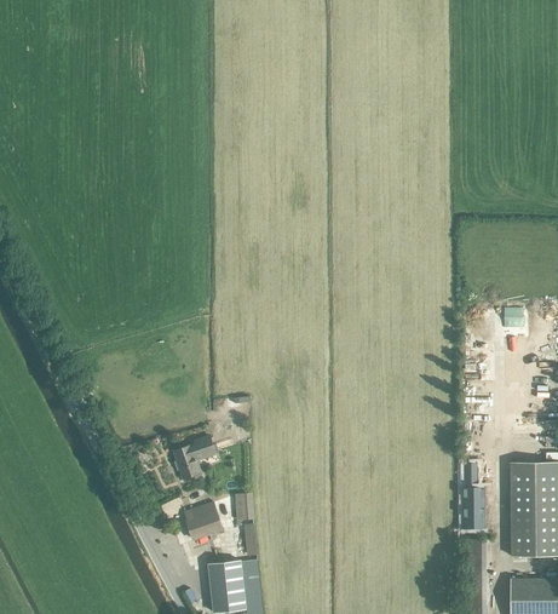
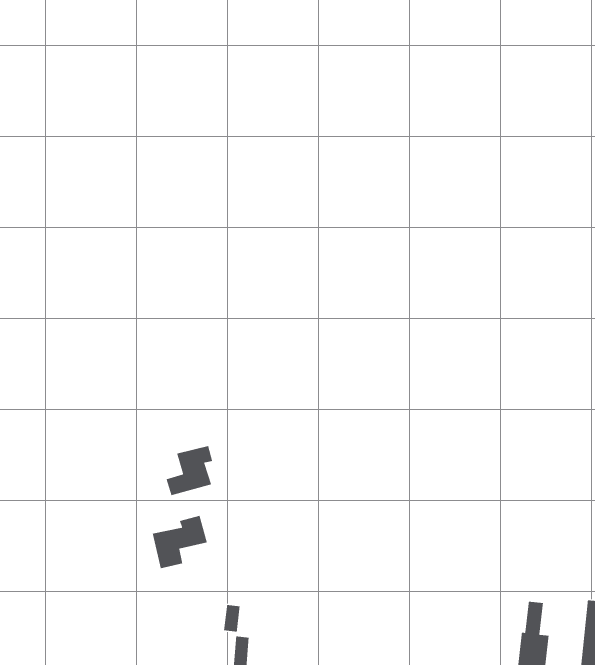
building: none -> [166,445,213,496]
building: [186,503,223,539] -> none

